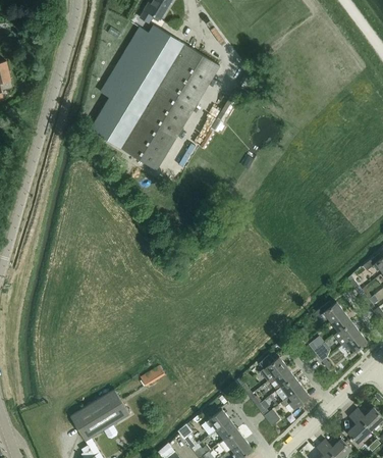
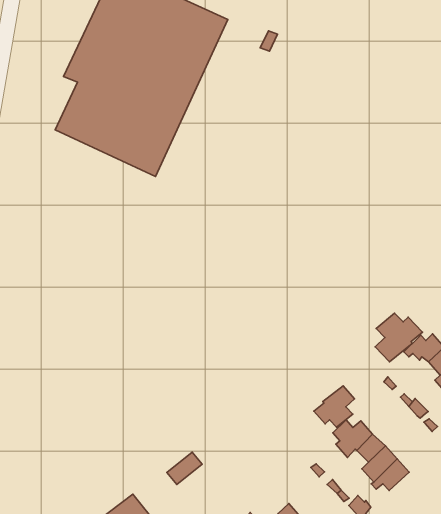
building: none -> [375,313,422,362]
building: none -> [314,386,355,427]

